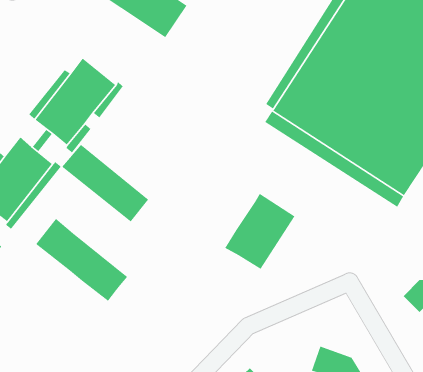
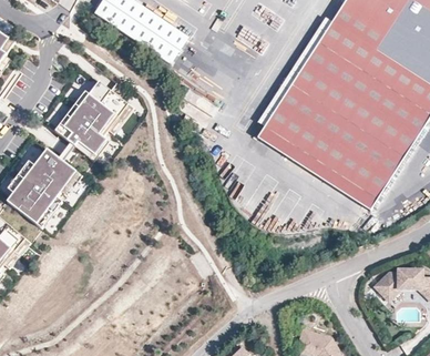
building: [61,144,149,223] -> none
building: [224,193,295,270] -> none
building: [35,218,128,302] -> none

